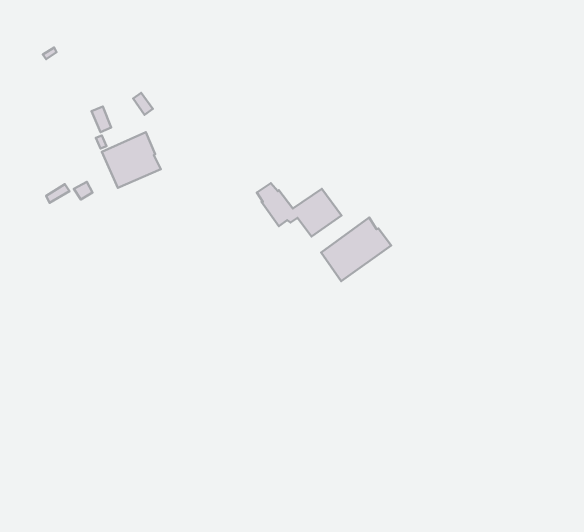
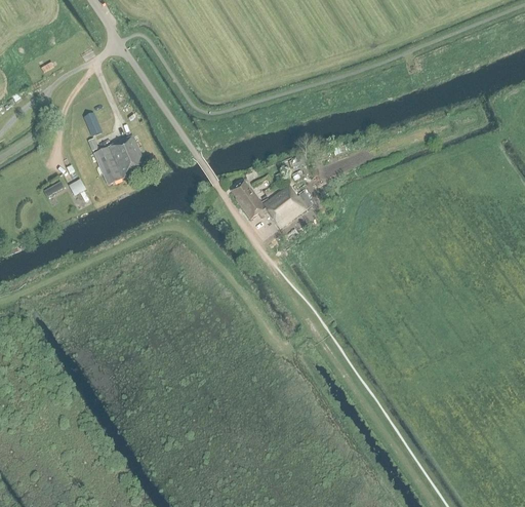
building: [321,217,391,281] -> none

